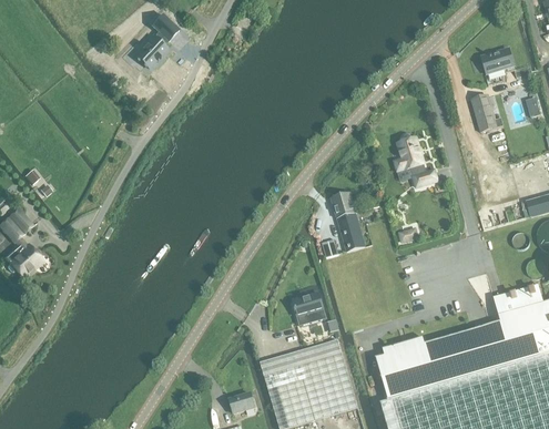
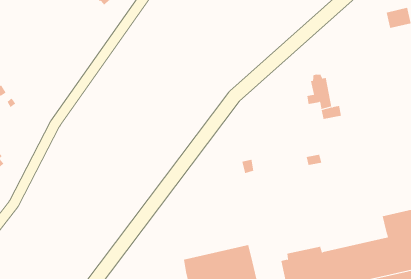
building: [471,95,504,132] -> none
building: [332,193,366,252] -> none
building: [293,294,326,326] -> none

